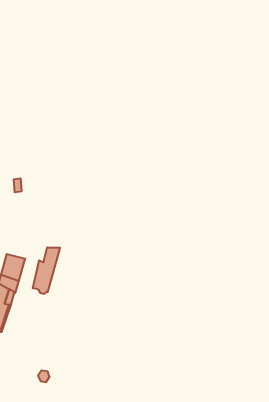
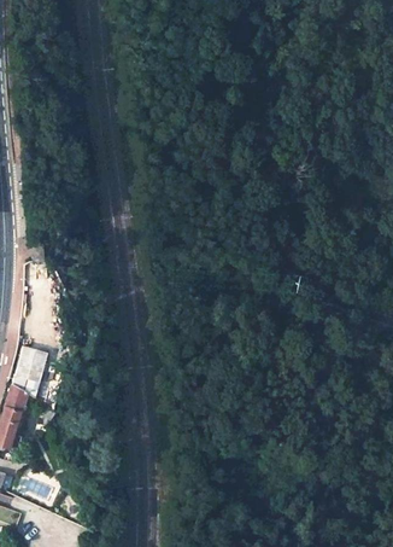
building: [33,247,60,294] -> none

